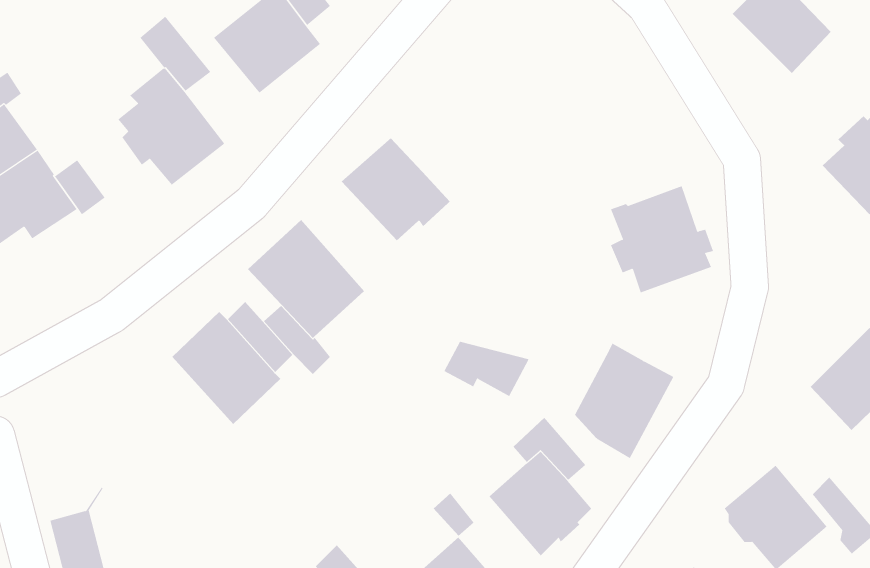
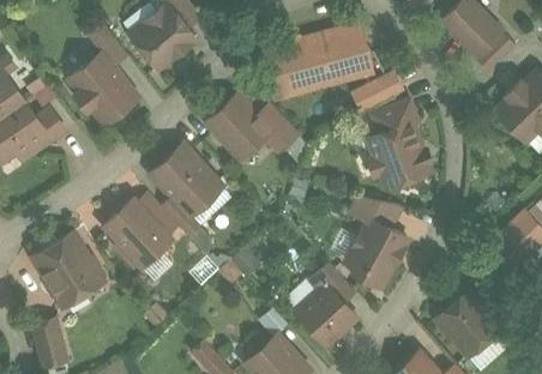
building: none -> [267,29,366,92]
building: none -> [474,32,514,73]
building: none -> [353,72,402,113]
building: none -> [371,101,417,137]
building: none -> [255,104,297,150]
building: [444,341,529,397] -> [349,197,401,230]
building: none -> [34,234,106,307]

